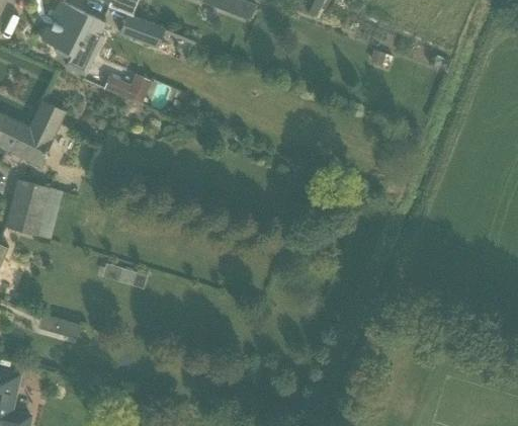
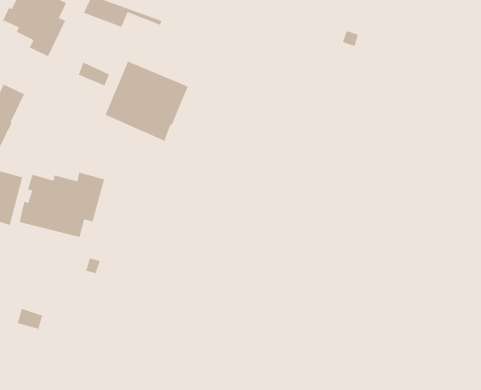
building: none -> [104,60,189,142]
building: none -> [19,171,105,238]

